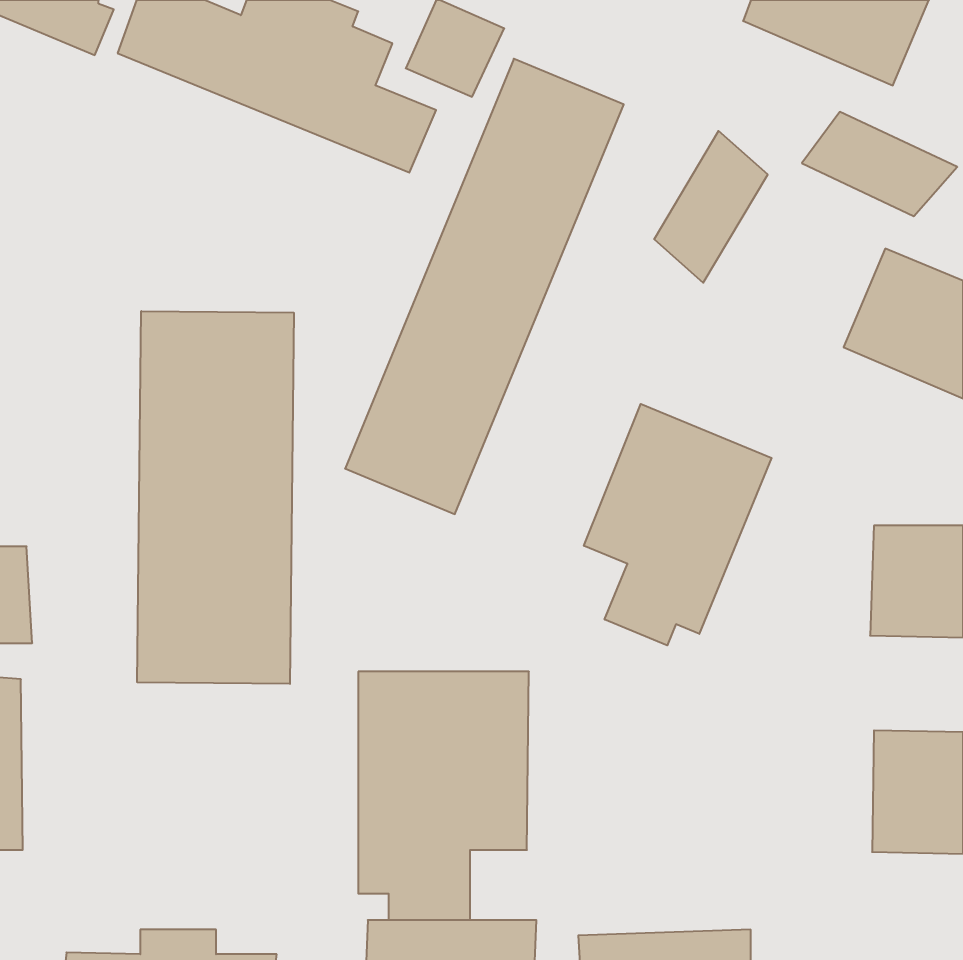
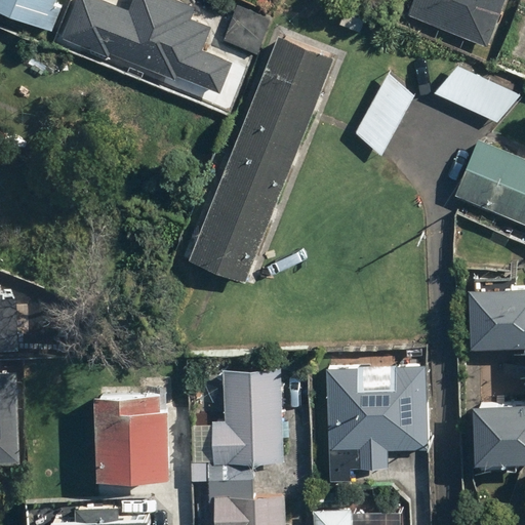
building: [137,311,294,684] -> none
building: [584,404,772,645] -> none
building: none -> [326,367,426,483]
building: none -> [95,379,170,477]

